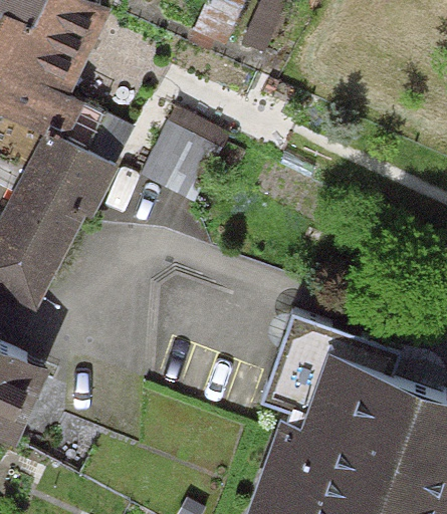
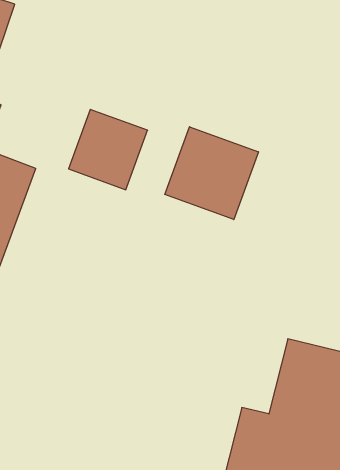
building: none -> [165,127,258,220]

